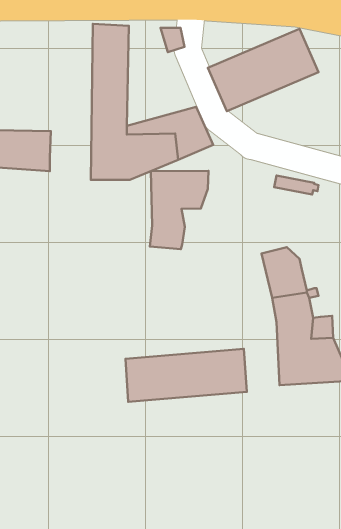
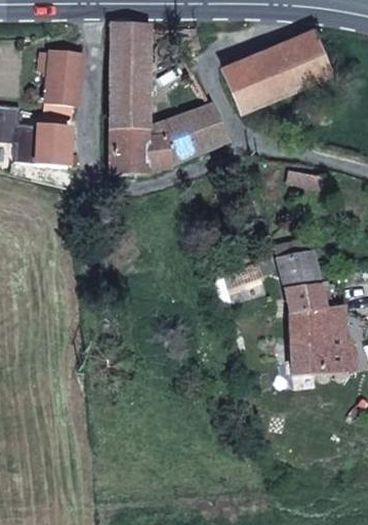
building: none -> [46,51,83,107]
building: [150,171,208,249] -> none
building: [125,349,247,402] -> none

